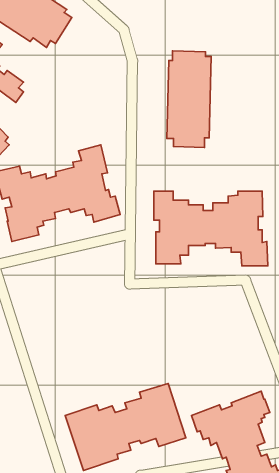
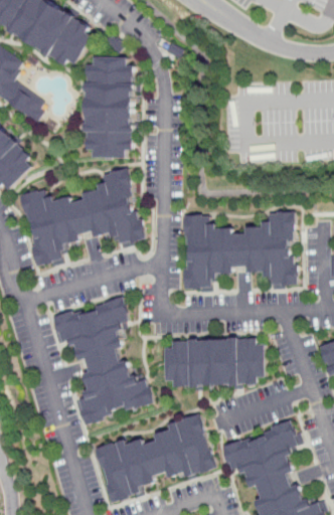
building: [167,51,211,147] -> [86,56,132,157]
building: none -> [47,296,154,423]
building: none -> [161,339,264,388]

